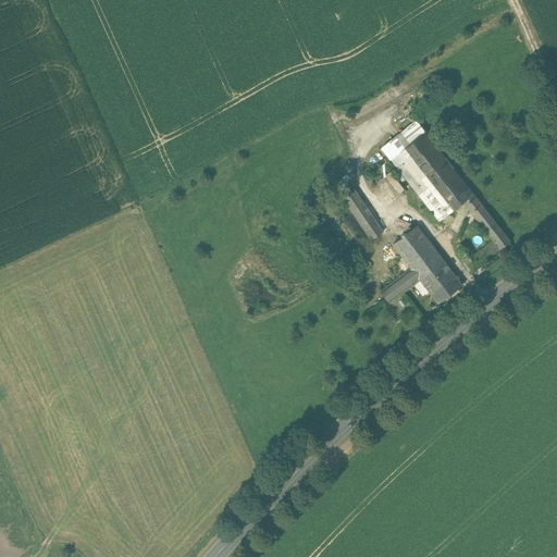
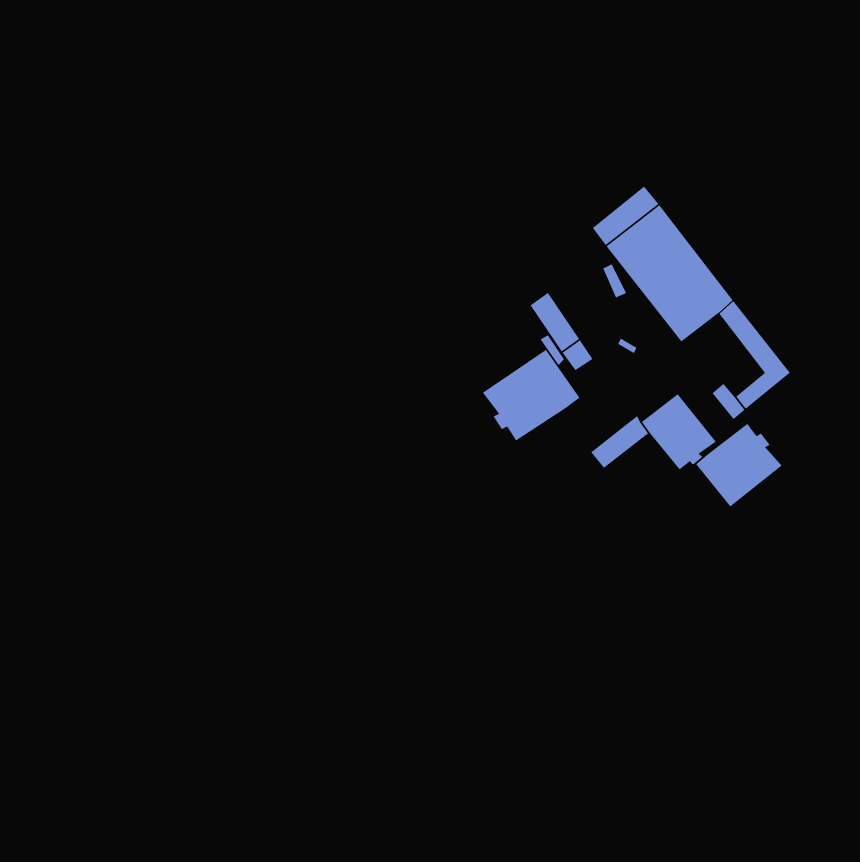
building: none -> [482,349,580,442]
building: [394,225,438,272] -> none
building: none -> [695,423,782,507]

